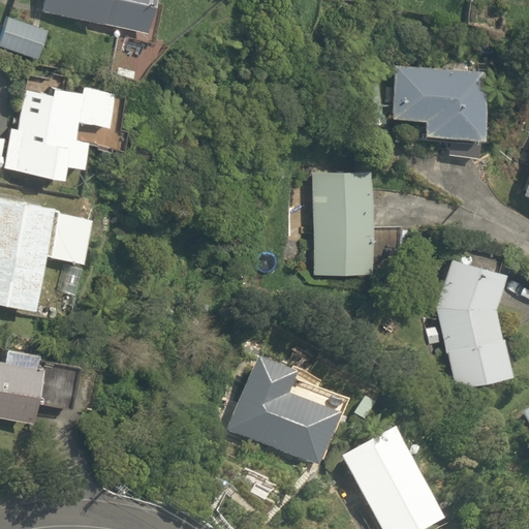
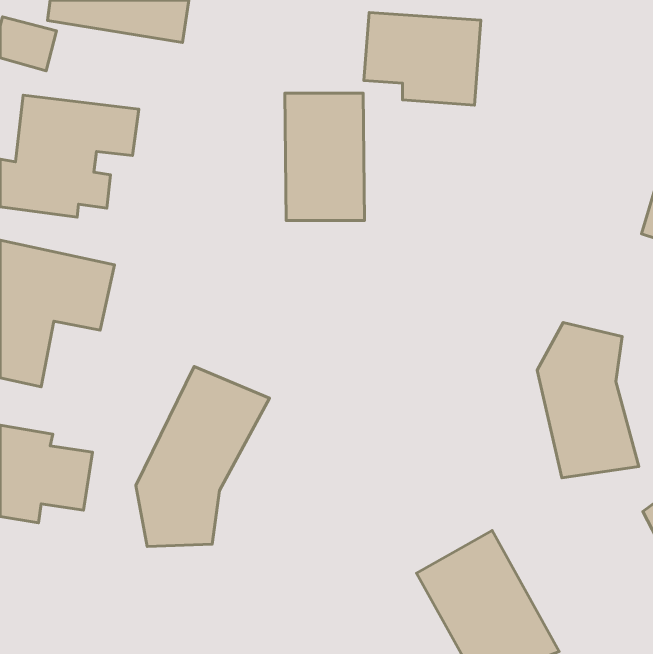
building: [391,65,485,139] -> [364,12,481,105]
building: [310,173,374,275] -> [285,93,364,220]
building: none -> [136,366,270,546]
building: [223,357,343,473] -> none

